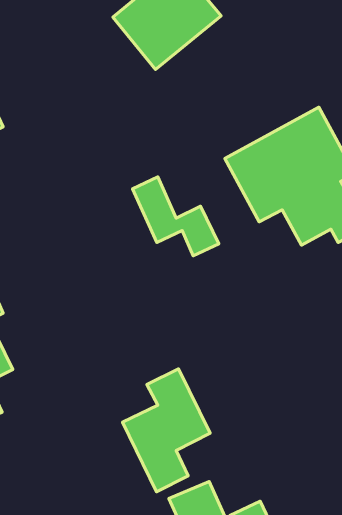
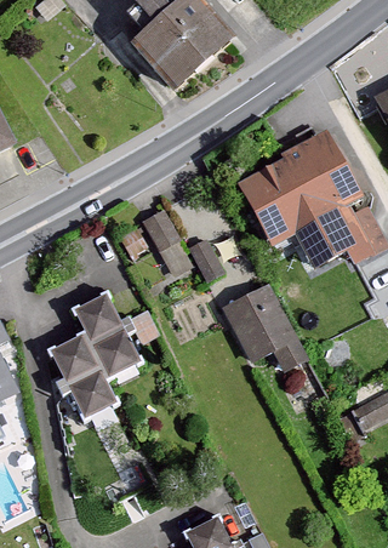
building: none -> [221,284,306,372]
building: [123,369,210,492] -> [56,297,143,419]

